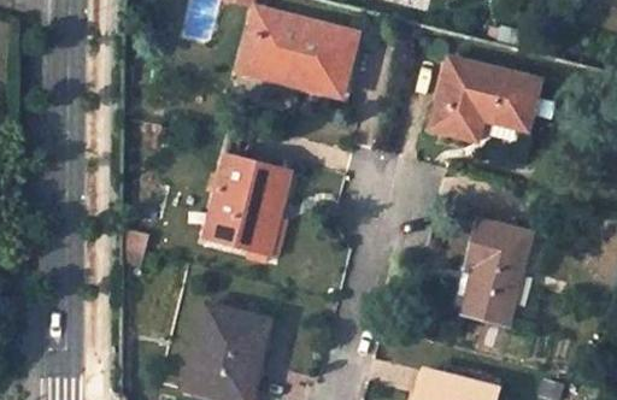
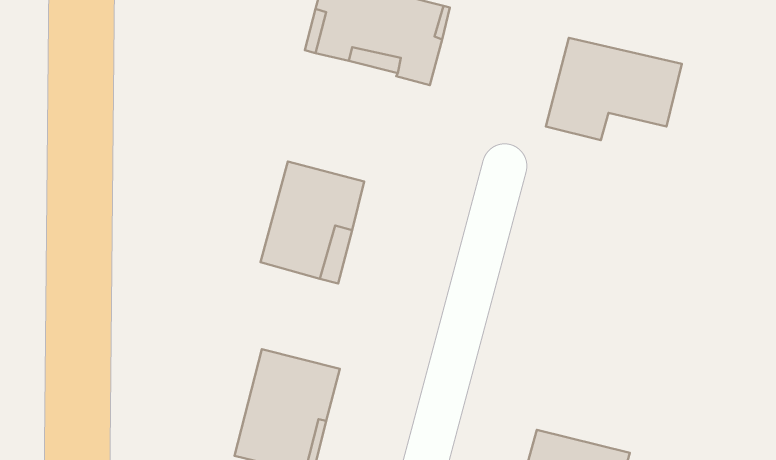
building: [463,220,530,323] -> none

